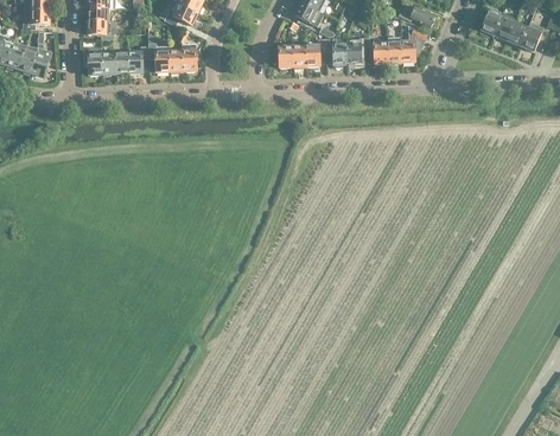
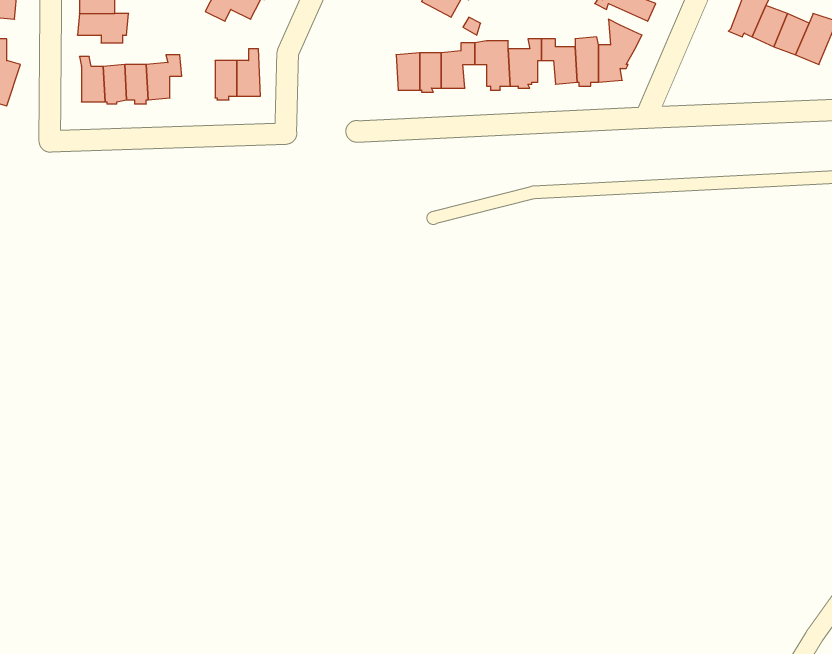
building: [147,33,170,72] -> none

